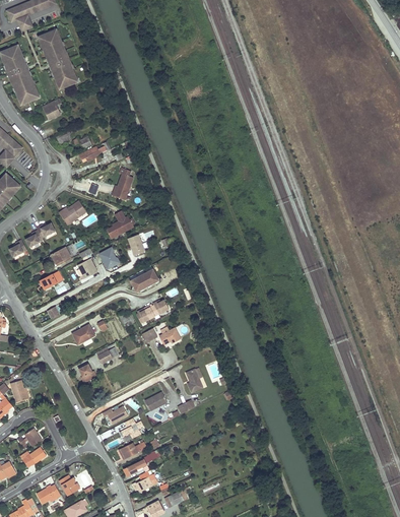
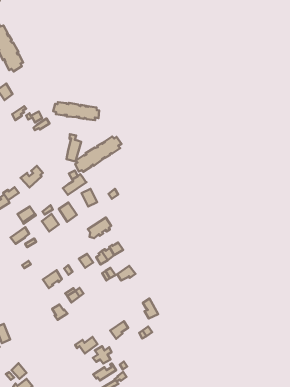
building: none -> [53,102,99,120]
building: none -> [75,136,122,172]

